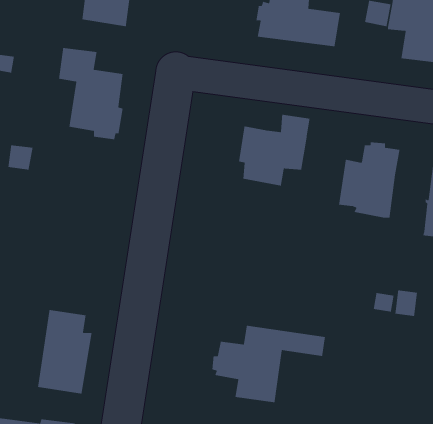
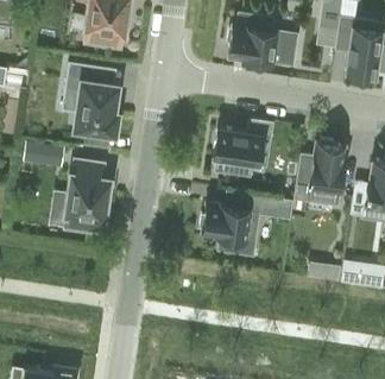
building: [37,309,92,395] -> [65,160,111,230]
building: [211,325,326,403] -> [201,189,295,253]

